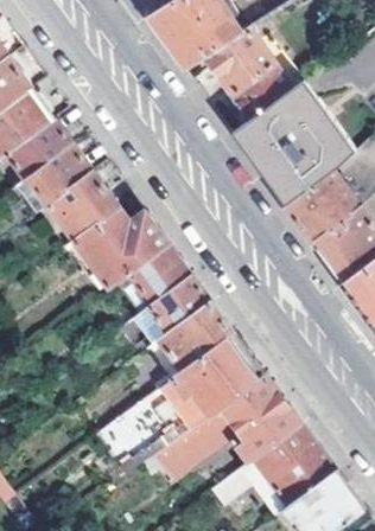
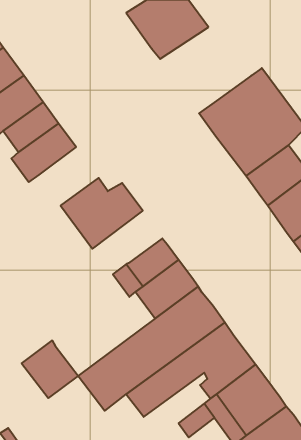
building: [208,28,293,119] -> none
building: [47,172,116,239] -> none
building: [128,245,190,306] -> none
building: none -> [22,340,78,398]

